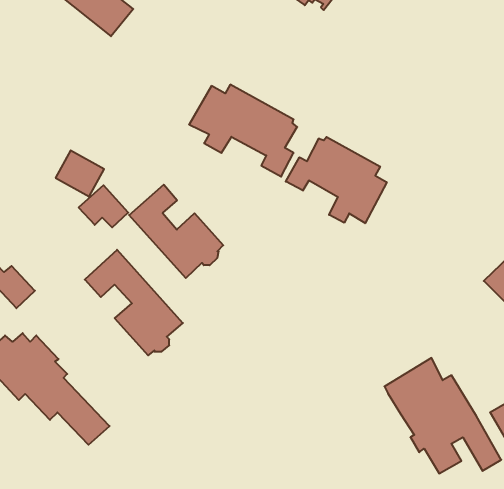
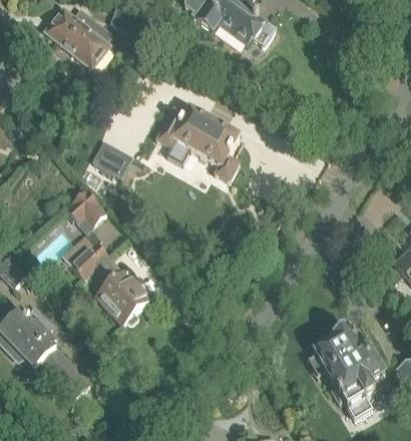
building: [286,137,387,223] -> none
building: [56,150,104,196] -> [91,139,130,176]
building: [129,185,223,278] -> none

